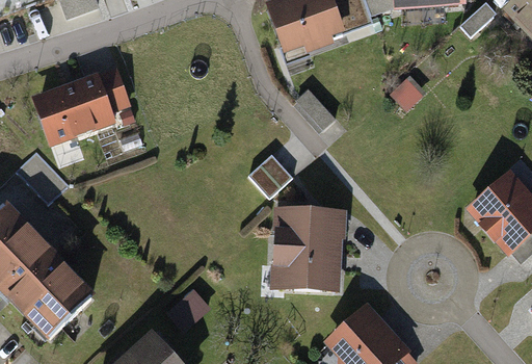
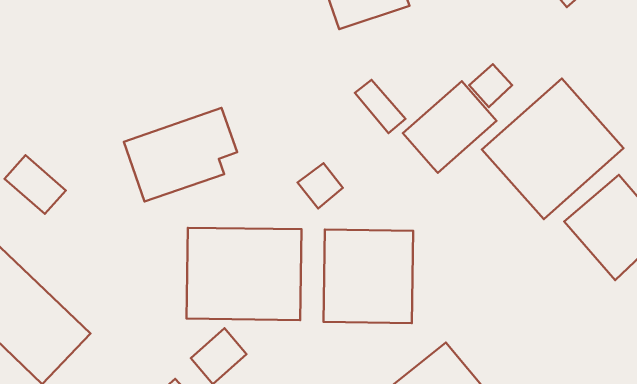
building: [38,67,129,141] -> [124,108,237,202]
building: none -> [482,79,624,219]
building: none -> [403,81,496,173]
building: none -> [187,228,301,320]

